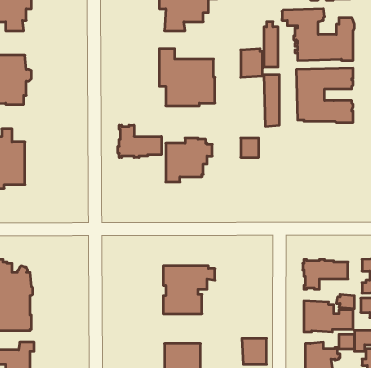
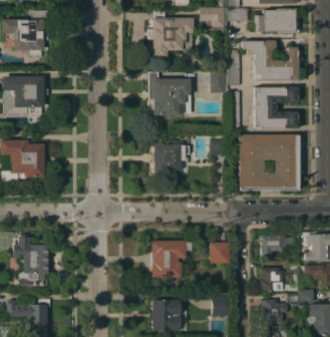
building: [118,125,161,158] -> none
building: none -> [239,134,298,191]
building: none -> [210,242,229,263]

